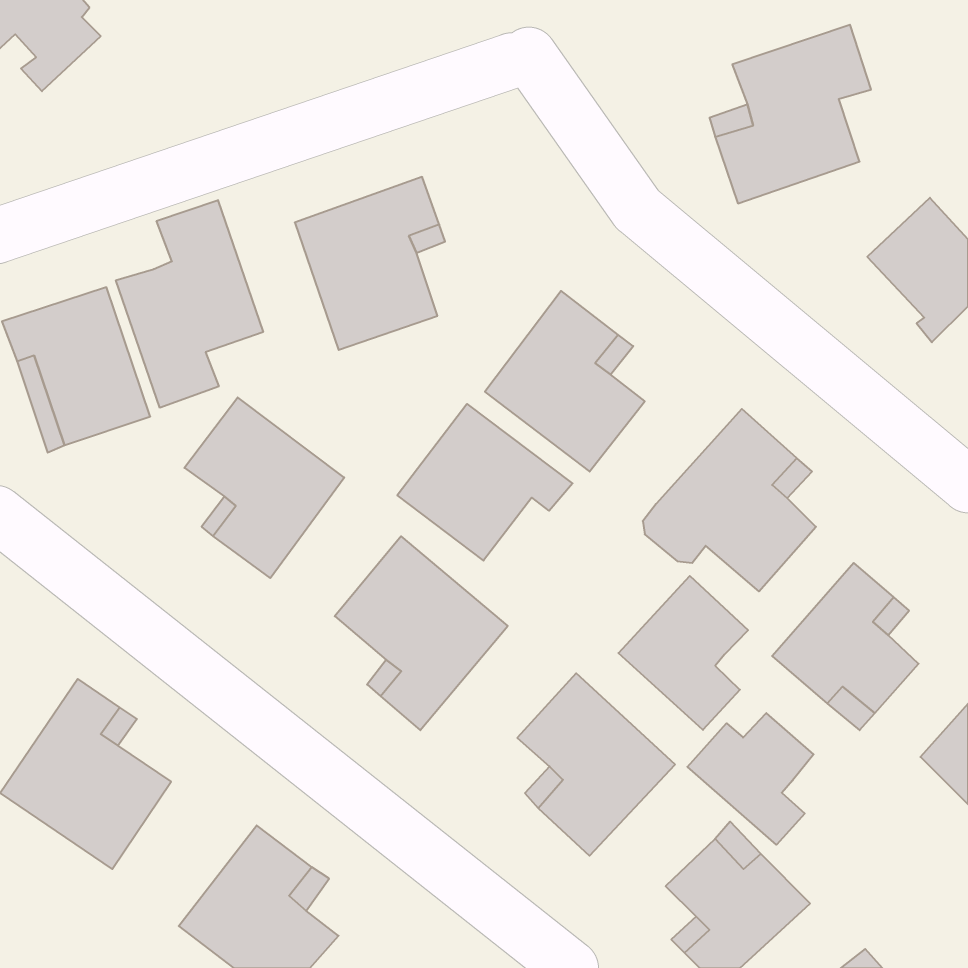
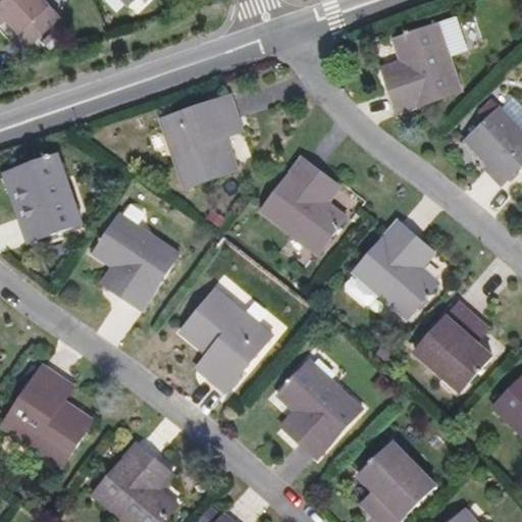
building: [116,200,263,408] -> none
building: [397,404,573,561] -> none
building: [618,576,748,730] -> none
building: [687,713,814,845] -> none

